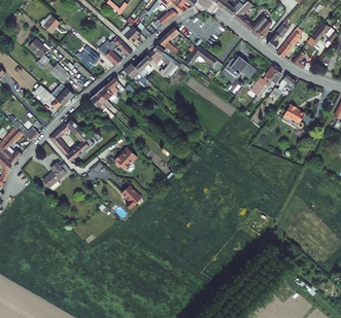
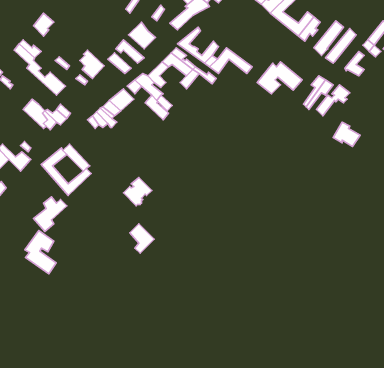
building: none -> [25,231,56,274]

